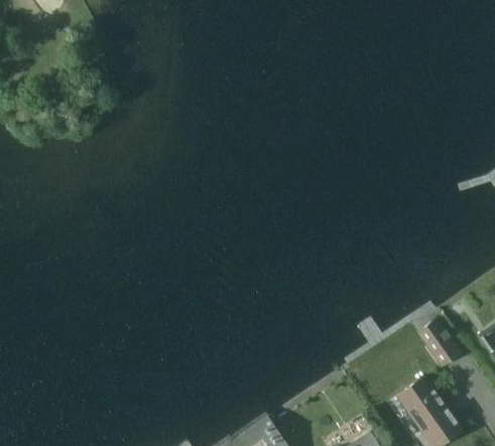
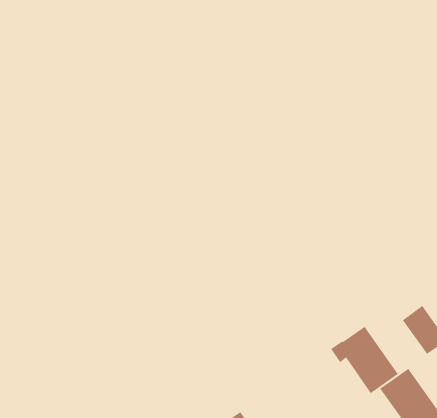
building: none -> [330,326,399,394]

